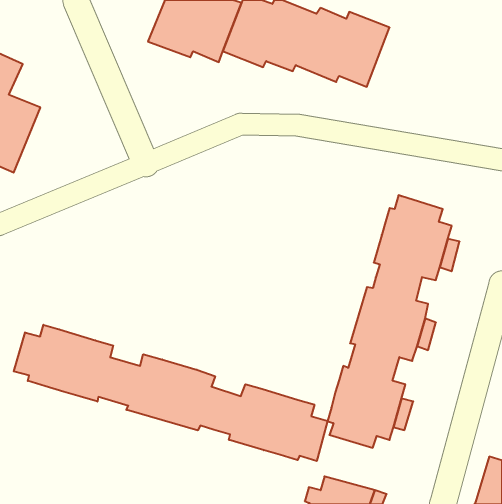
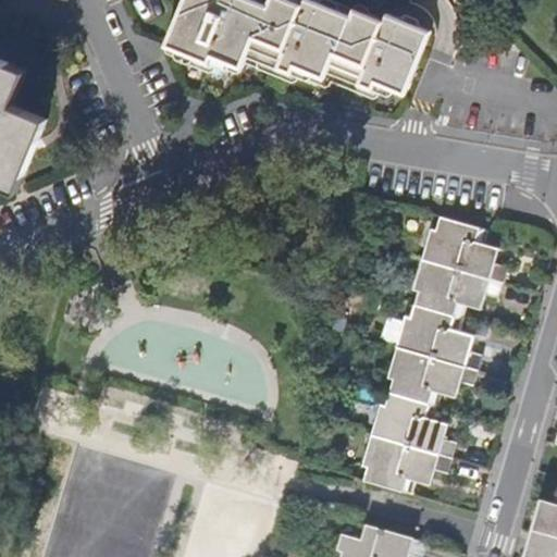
building: [14,325,328,461] -> none

